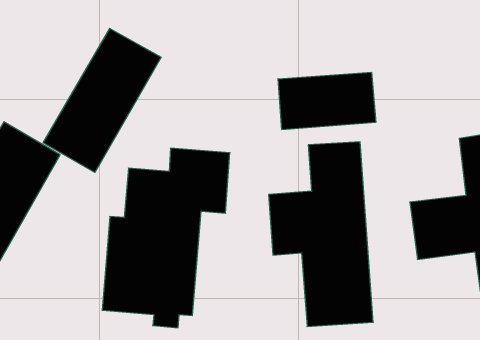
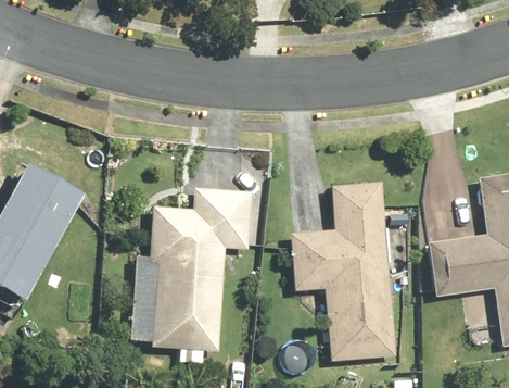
building: [43,28,161,172] -> none
building: [278,72,376,130] -> none

